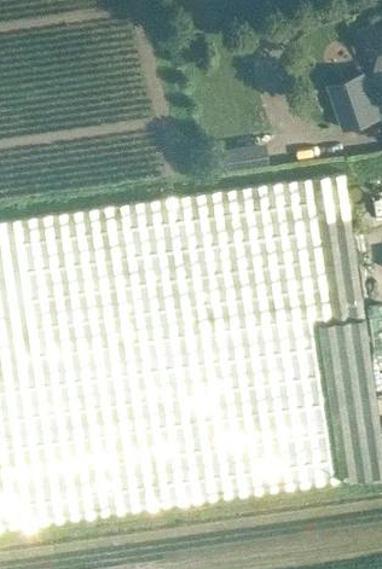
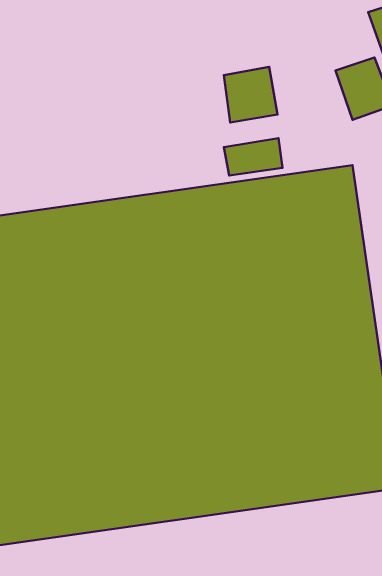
building: none -> [224,67,278,122]

